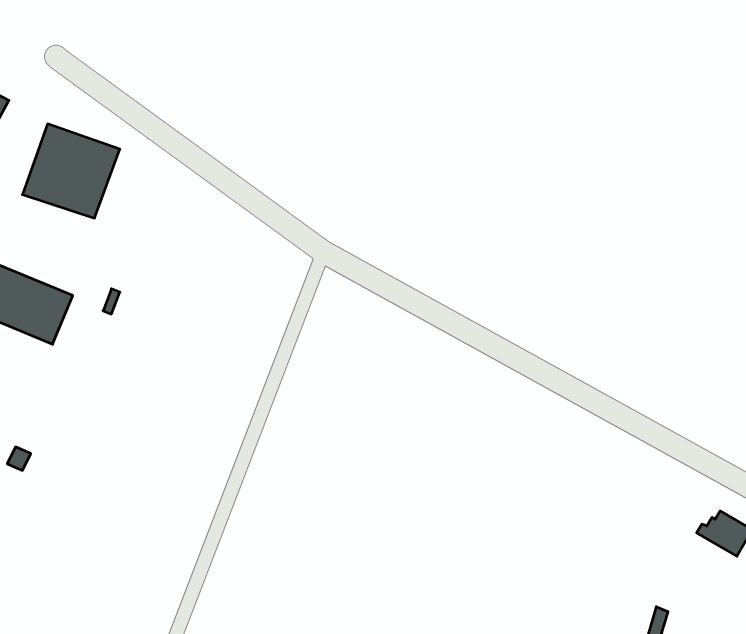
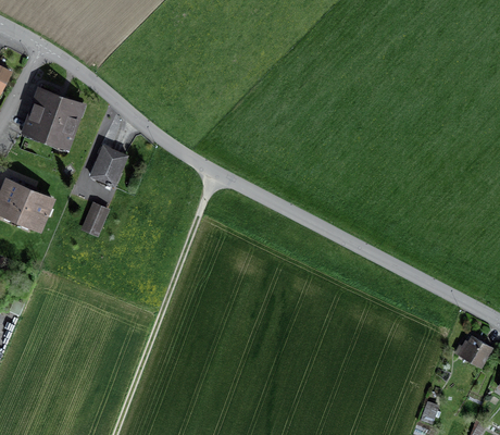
building: none -> [91,147,124,184]
building: none -> [82,202,108,235]

